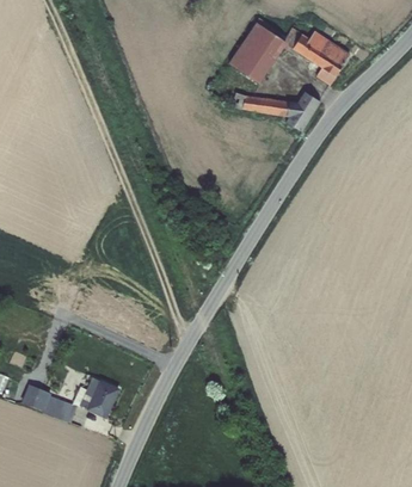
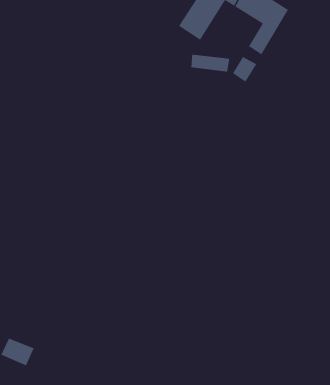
building: [82,380,117,415] -> none

